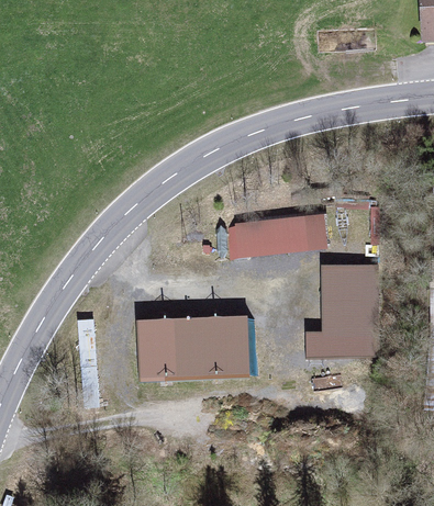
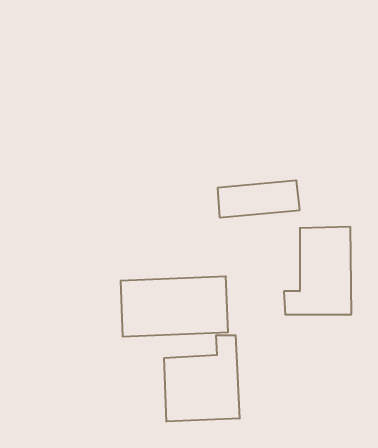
building: none -> [164,335,240,422]

